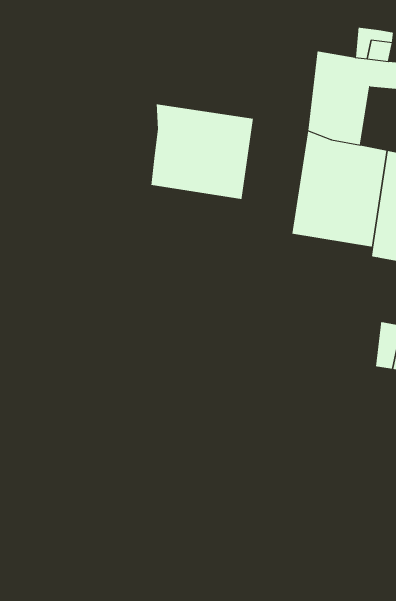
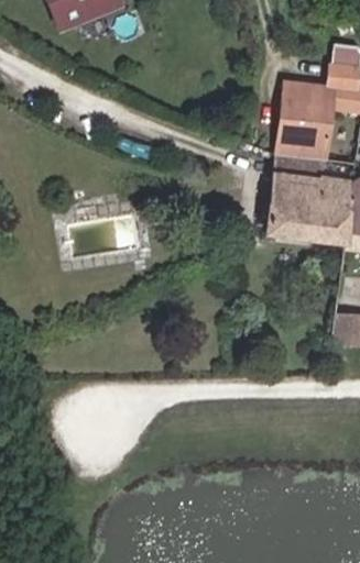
building: [151,103,254,200] -> none

